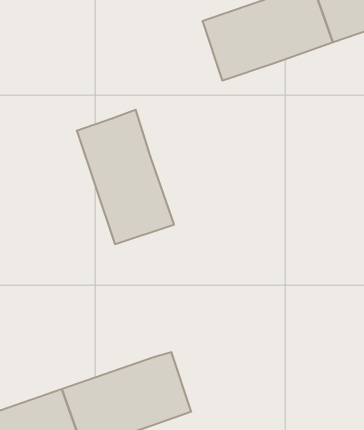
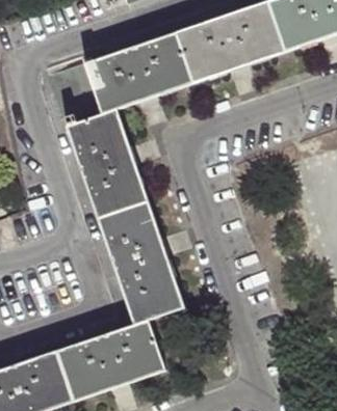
building: none -> [80,35,190,117]
building: none -> [100,207,183,319]

